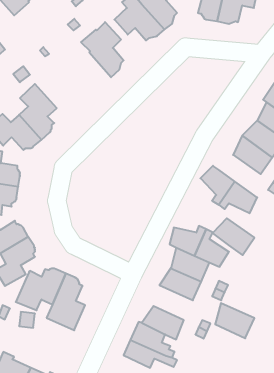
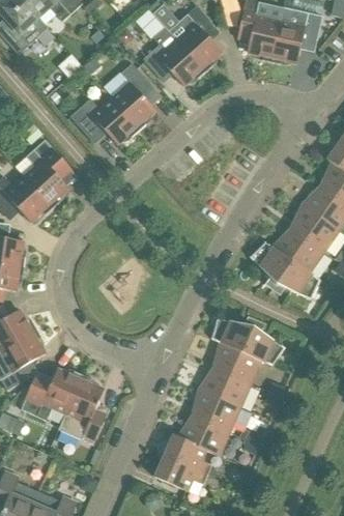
building: none -> [70,98,139,144]
building: [213,218,254,255] -> [273,227,324,273]
building: [215,303,254,338] -> [192,389,240,432]

